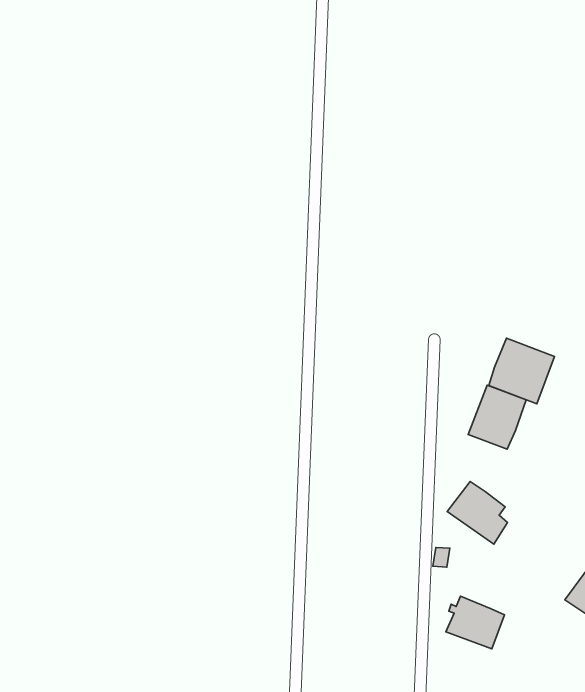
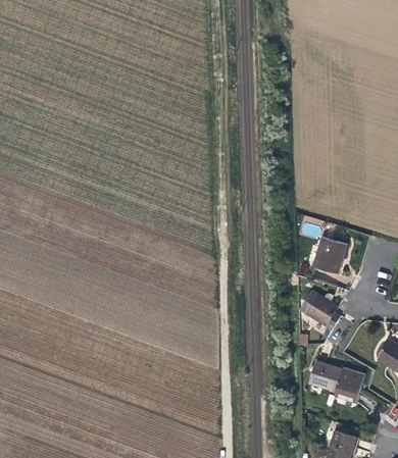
building: [489,338,555,404] -> none
building: none -> [334,366,365,403]

